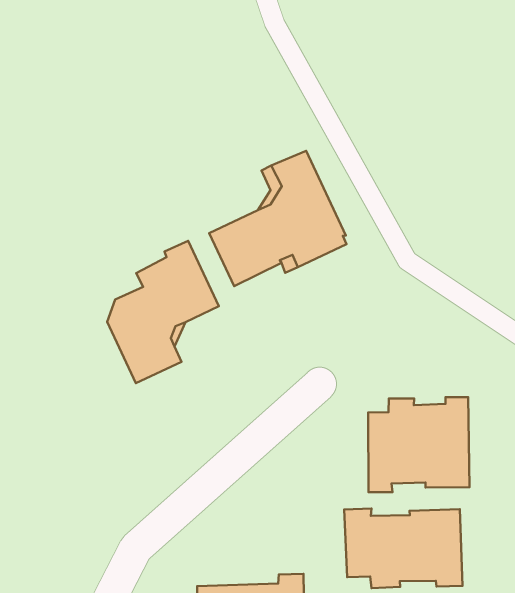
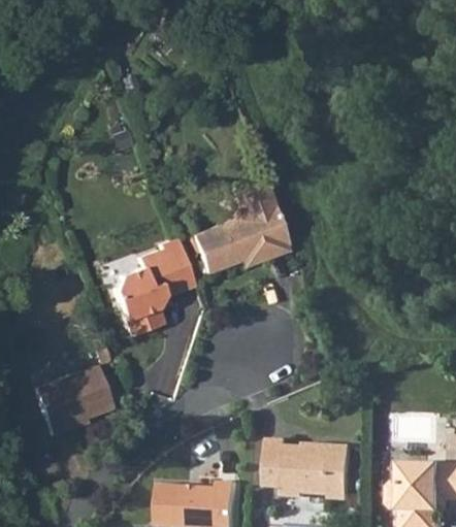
building: [368,397,470,492] -> none
building: none -> [34,365,112,435]

